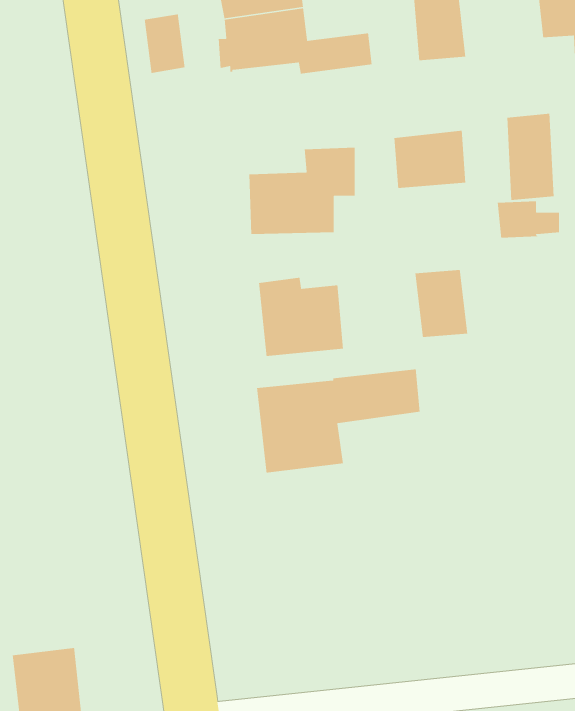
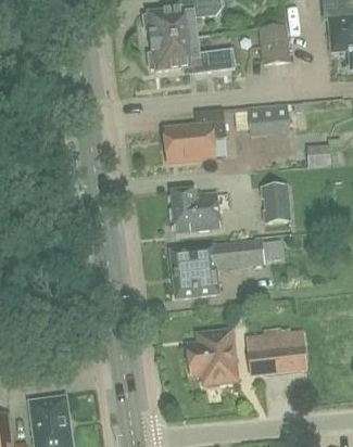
building: [144,13,186,74] -> none
building: [506,113,554,201] -> none
building: none -> [187,328,238,386]
building: none -> [244,328,307,375]

